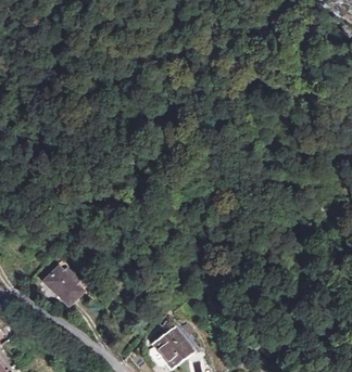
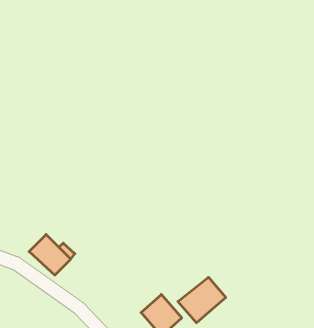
building: none -> [178,277,226,323]

